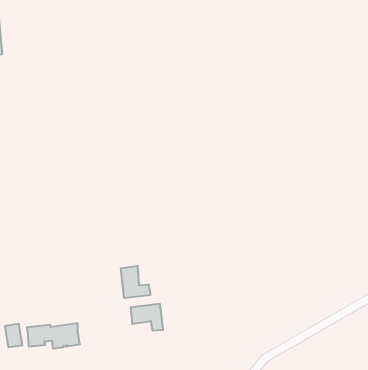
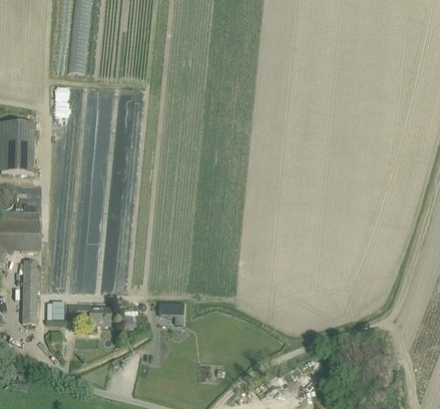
building: [121,266,150,298] -> none

